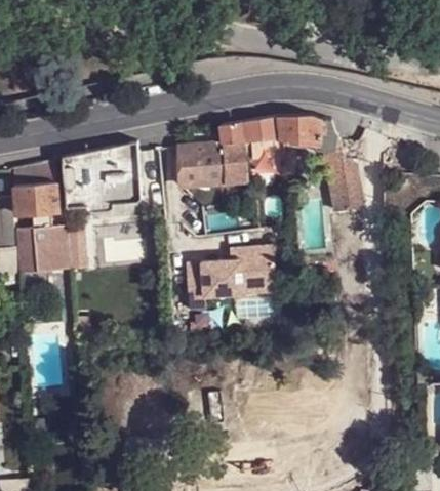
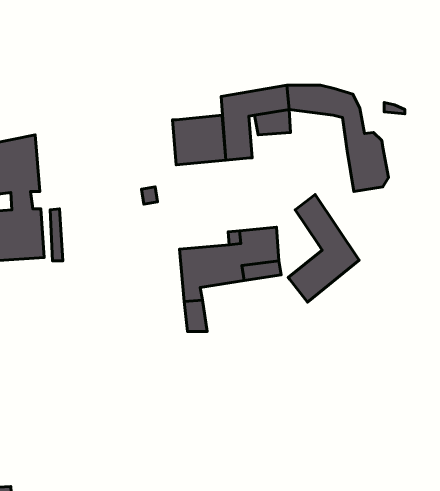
building: [62,145,143,210] -> none
building: none -> [288,194,359,302]

